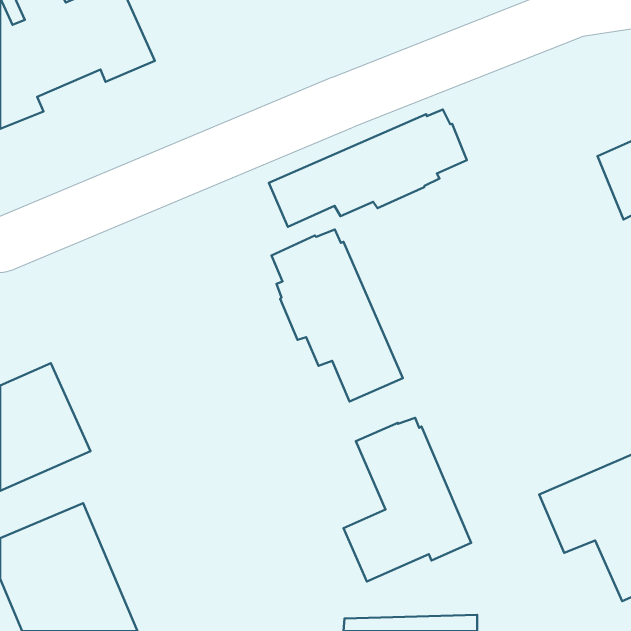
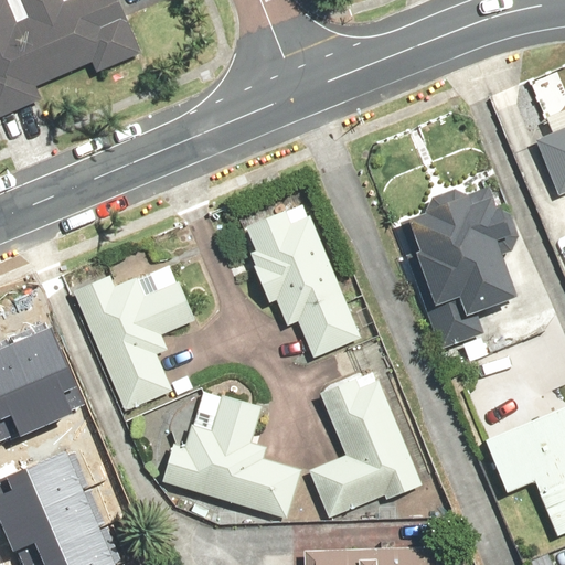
building: [269,109,467,227] -> none
building: none -> [402,186,518,349]
building: none -> [73,265,192,411]
building: none -> [161,391,300,518]

